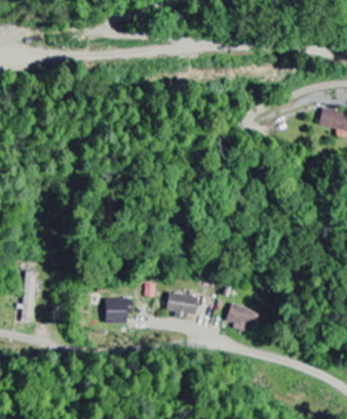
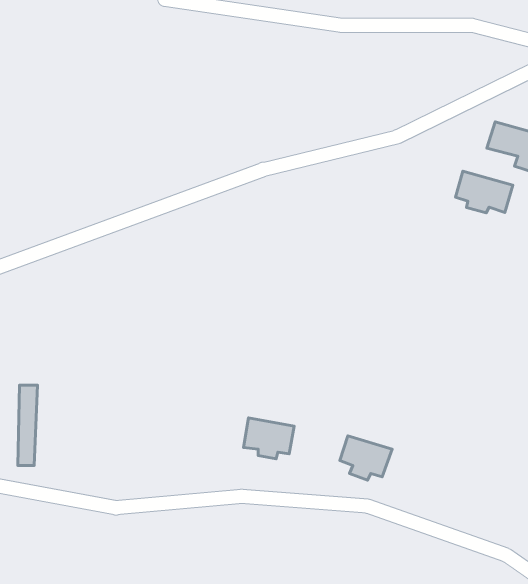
building: none -> [456,171,513,213]
building: [105,298,132,323] -> none

